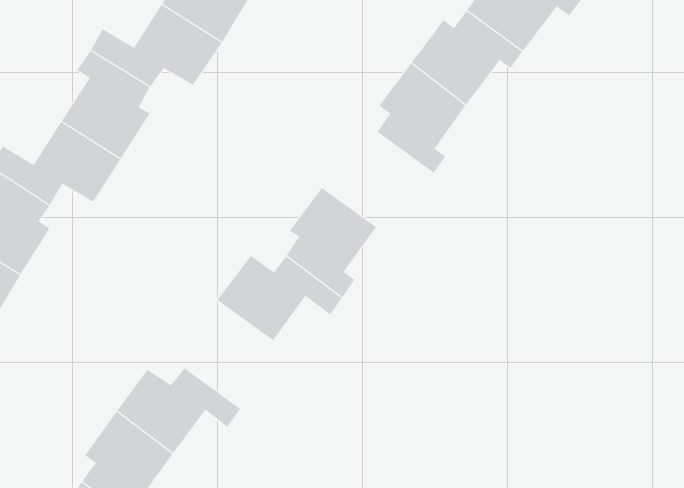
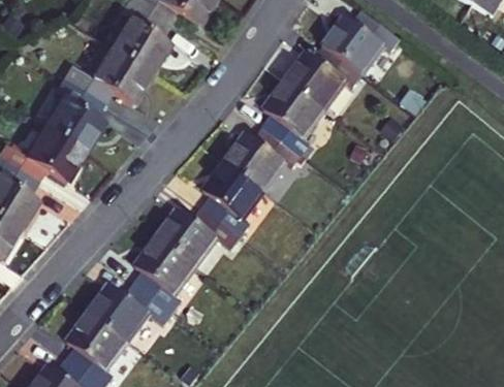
building: none -> [223,128,298,192]
building: none -> [131,240,191,314]

